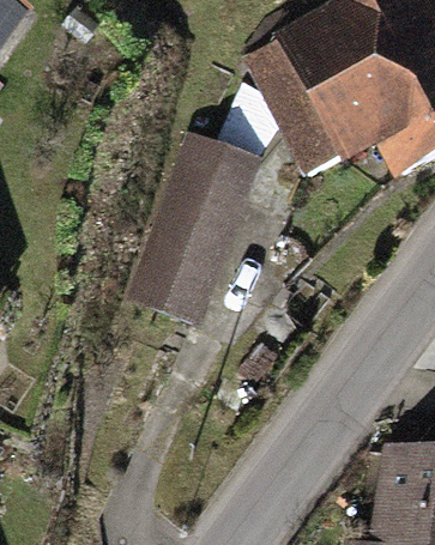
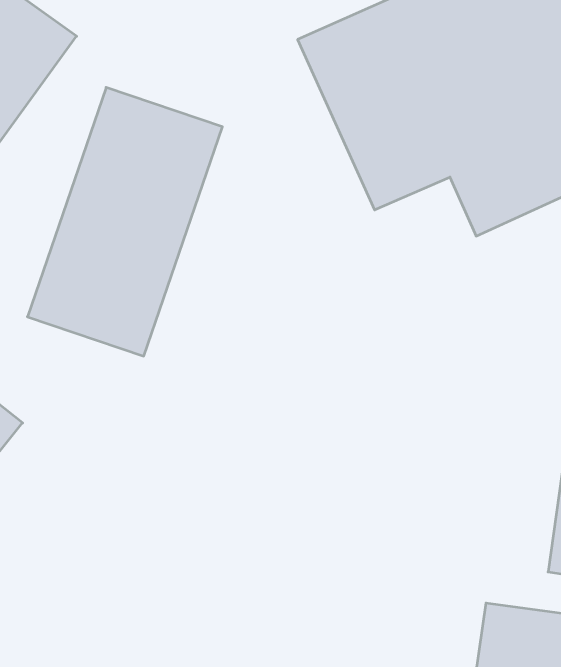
building: [126,138,268,334] -> [27,87,222,356]

